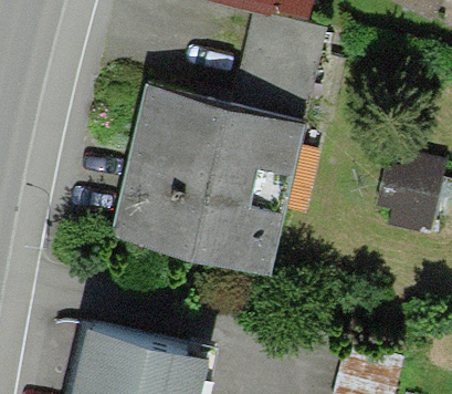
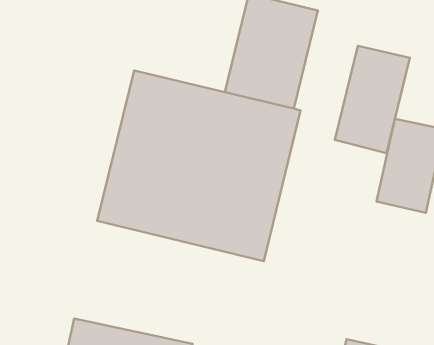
building: none -> [335,46,410,153]

